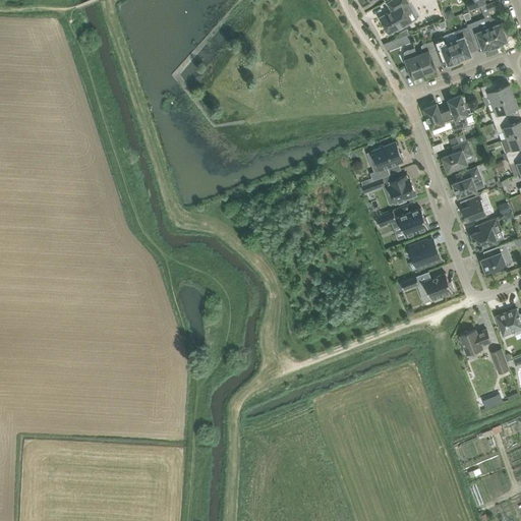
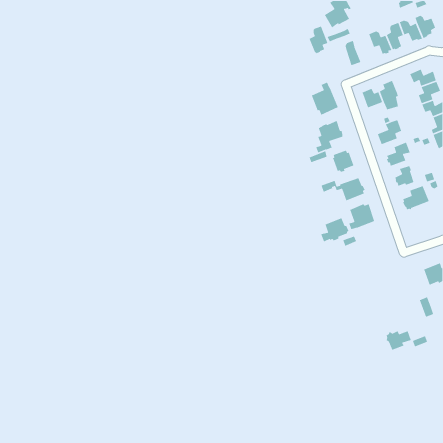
building: [416,41,440,74] -> [309,25,329,54]
building: none -> [311,81,339,116]
building: [481,243,509,274] -> none
building: [419,273,454,302] -> [320,217,350,243]
building: [460,330,490,354] -> [386,330,412,351]

